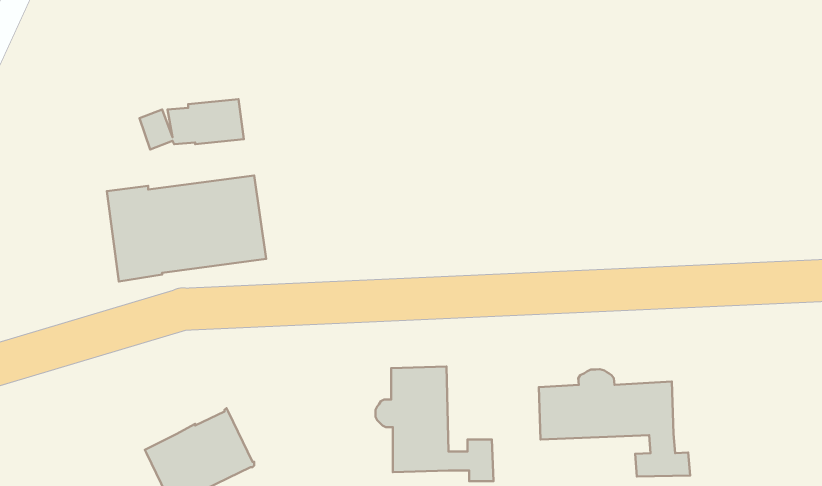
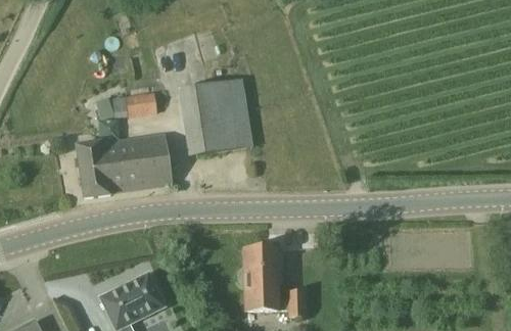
building: none -> [179,79,254,157]
building: [539,369,690,477] -> none

